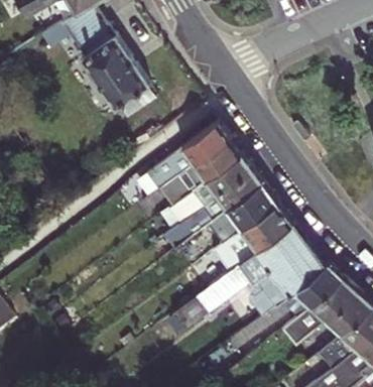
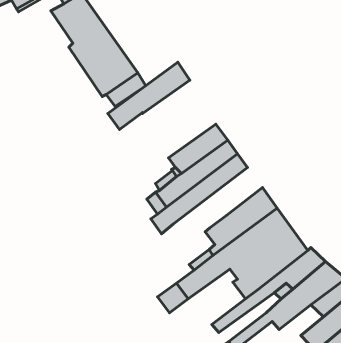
building: [146,121,230,189] -> [108,62,190,129]
building: [174,183,277,258] -> none

